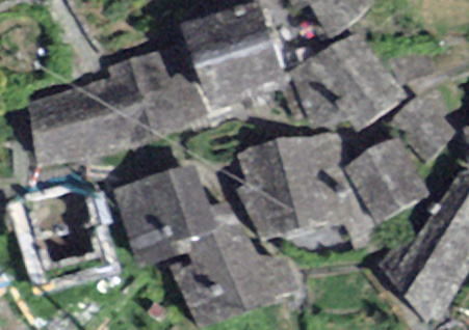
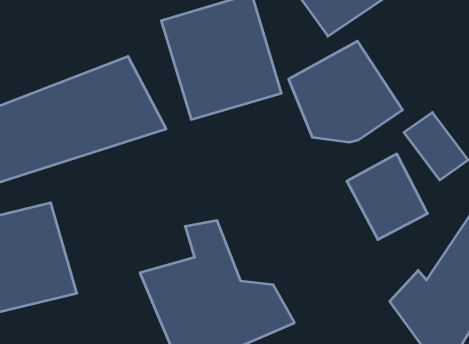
building: [235,135,349,239] -> none
building: [113,160,214,252] -> none

